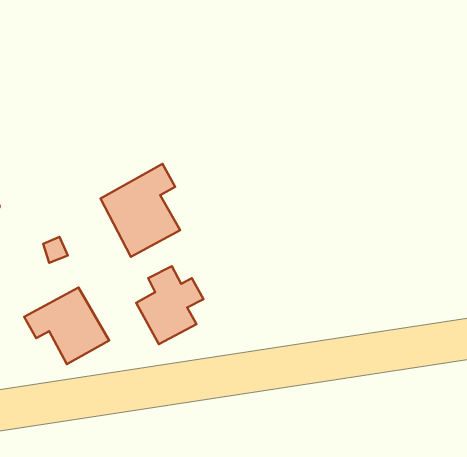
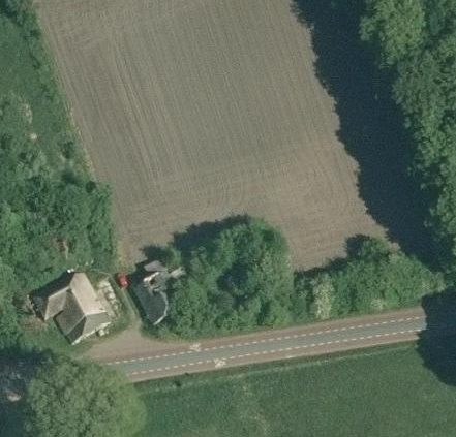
building: [100,164,180,257] -> none

